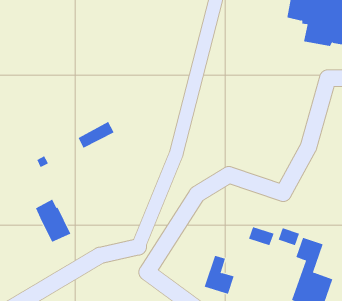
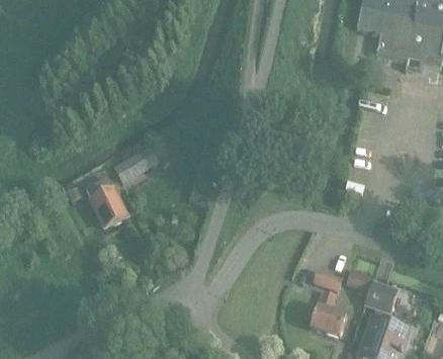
building: [35,199,71,243] -> [86,177,127,228]
building: [204,255,235,295] -> [311,290,346,336]

